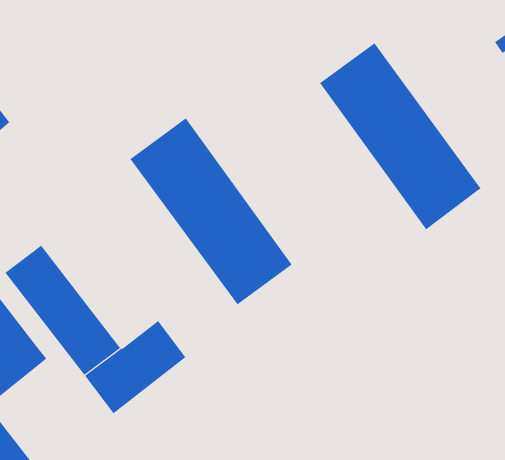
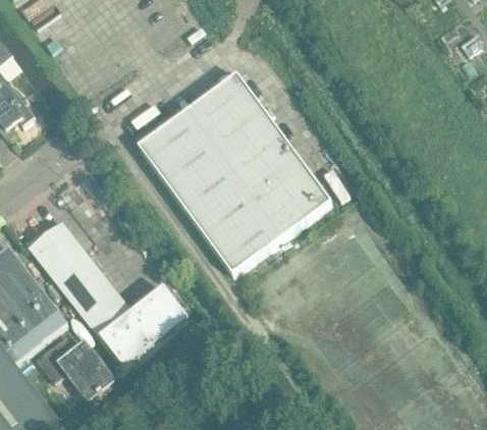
building: [319,43,481,230] -> [187,72,330,237]
building: none -> [35,335,112,398]

